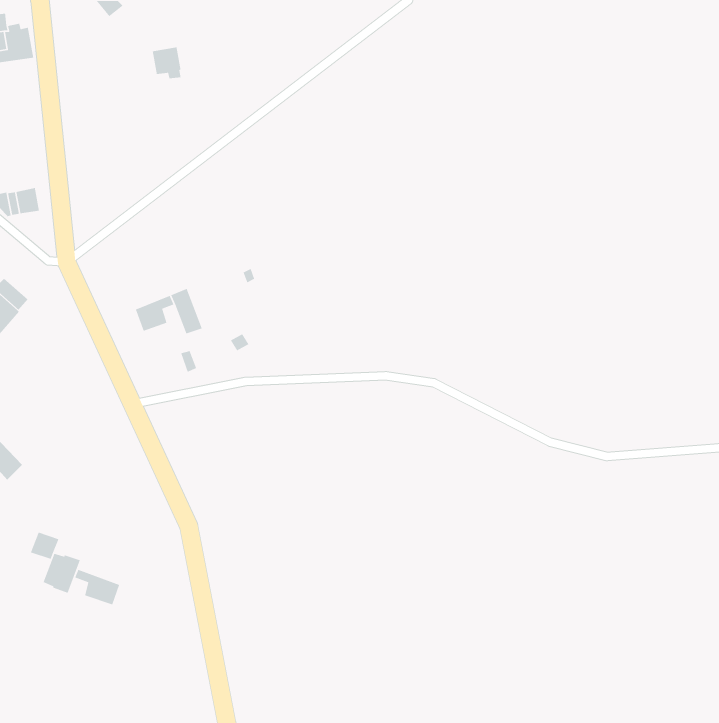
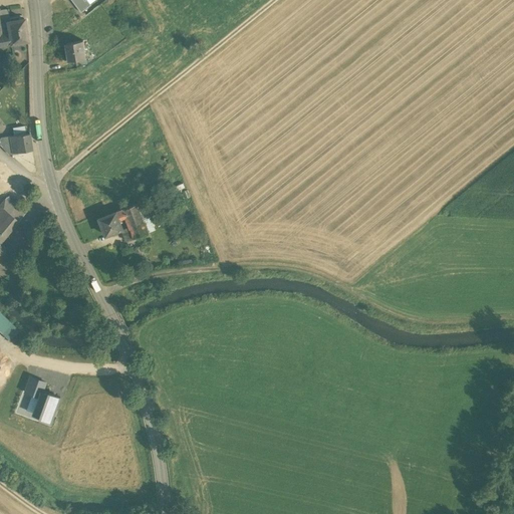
building: [152,47,182,79] -> [61,42,82,65]
building: [74,569,120,606] -> none

